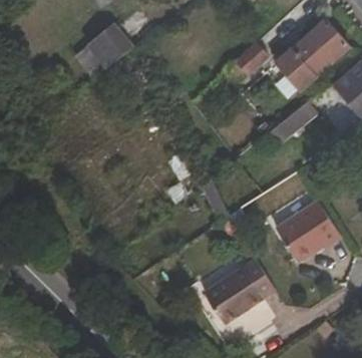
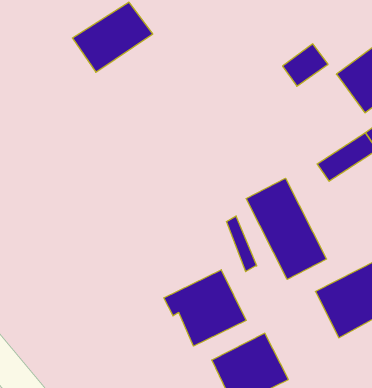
building: none -> [246,178,327,279]
building: none -> [164,270,246,346]

